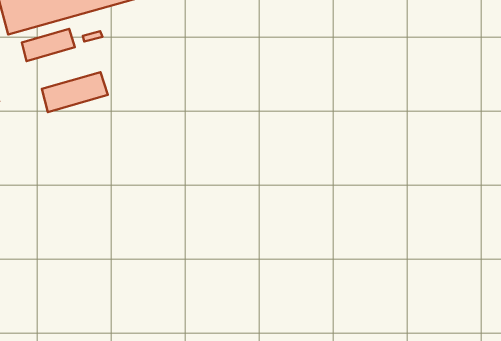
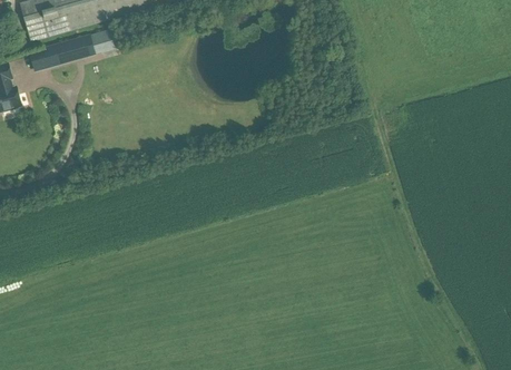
building: [42,72,108,112] -> none

